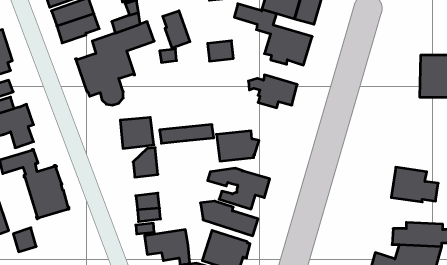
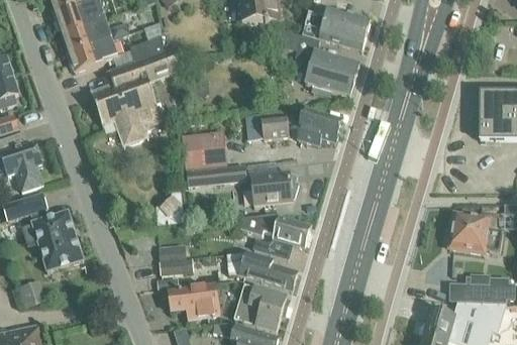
building: [163,11,190,48] -> none
building: [208,41,233,61] -> [258,115,288,138]
building: [120,117,154,148] -> [182,133,220,168]

